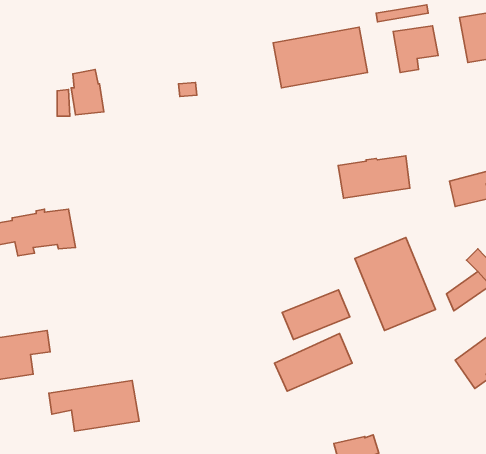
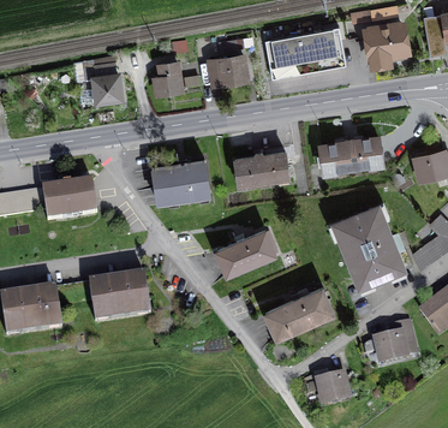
building: none -> [208,55,246,84]
building: none -> [154,63,180,93]
building: none -> [234,151,288,183]
building: none -> [151,160,209,198]
building: [282,290,350,339] -> [216,231,274,273]
building: none -> [374,326,414,362]
building: [49,380,139,431] -> [72,274,149,317]

